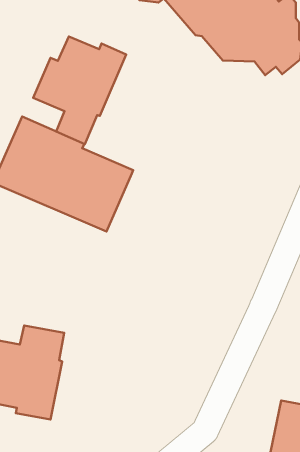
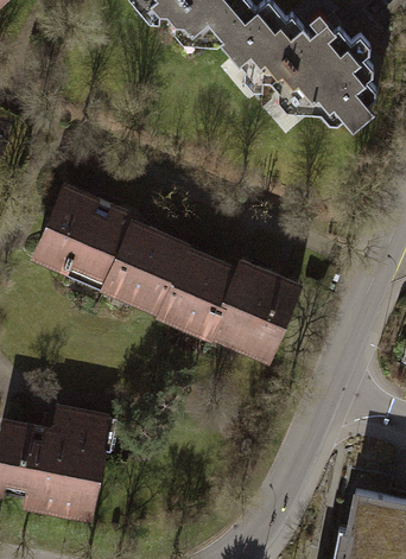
building: [33,37,126,144] -> none
building: none -> [153,242,300,357]

